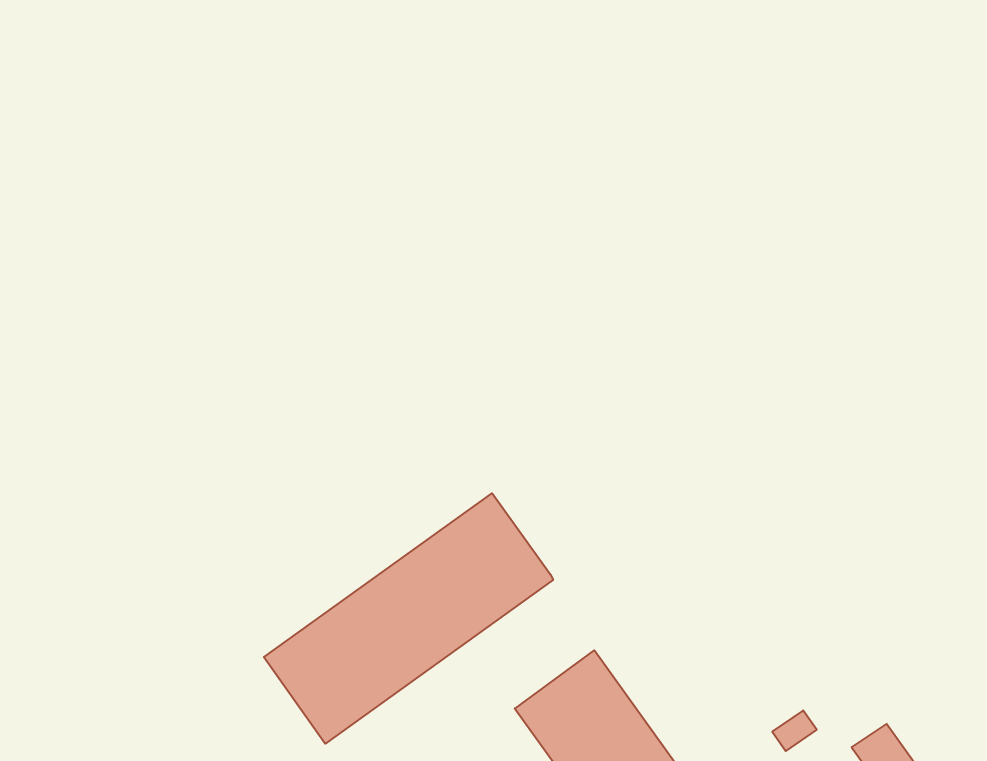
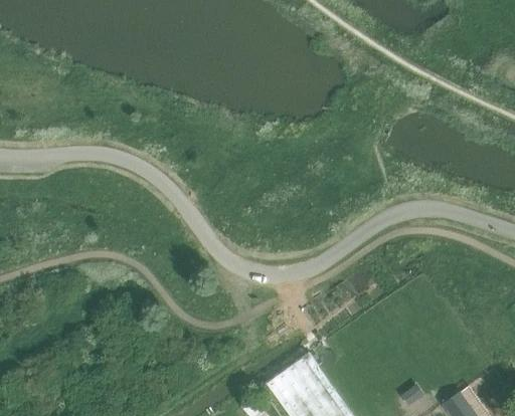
building: [264,493,553,744] -> none

